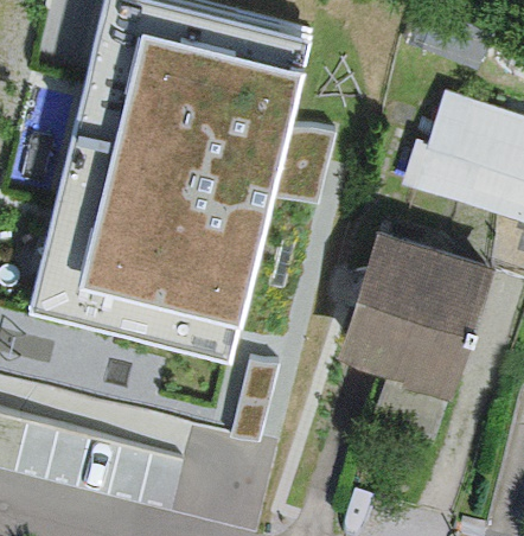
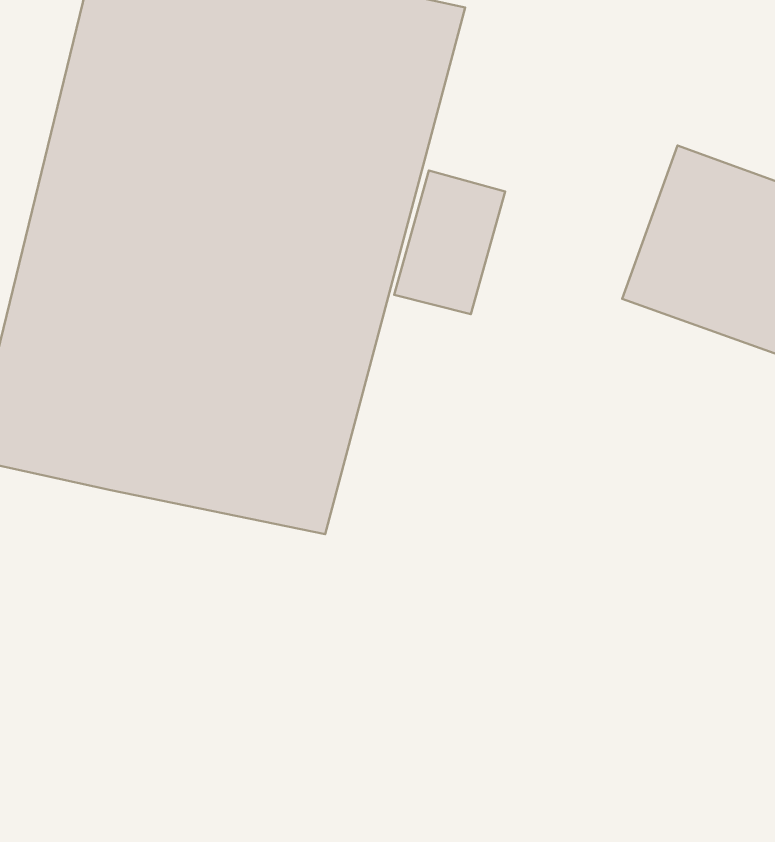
building: [350,232,505,395] -> none

